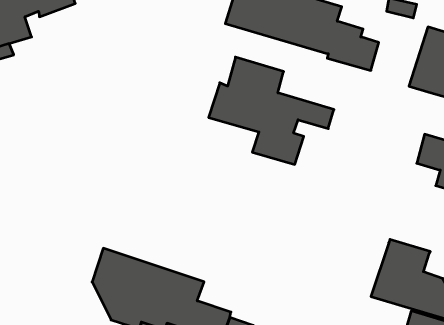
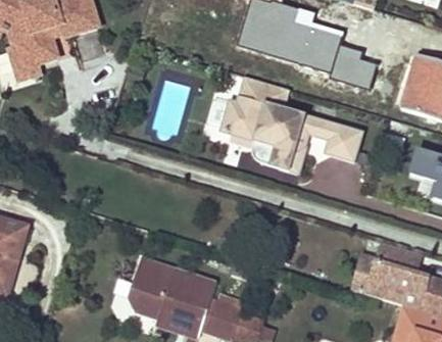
building: none -> [326,125,363,162]

